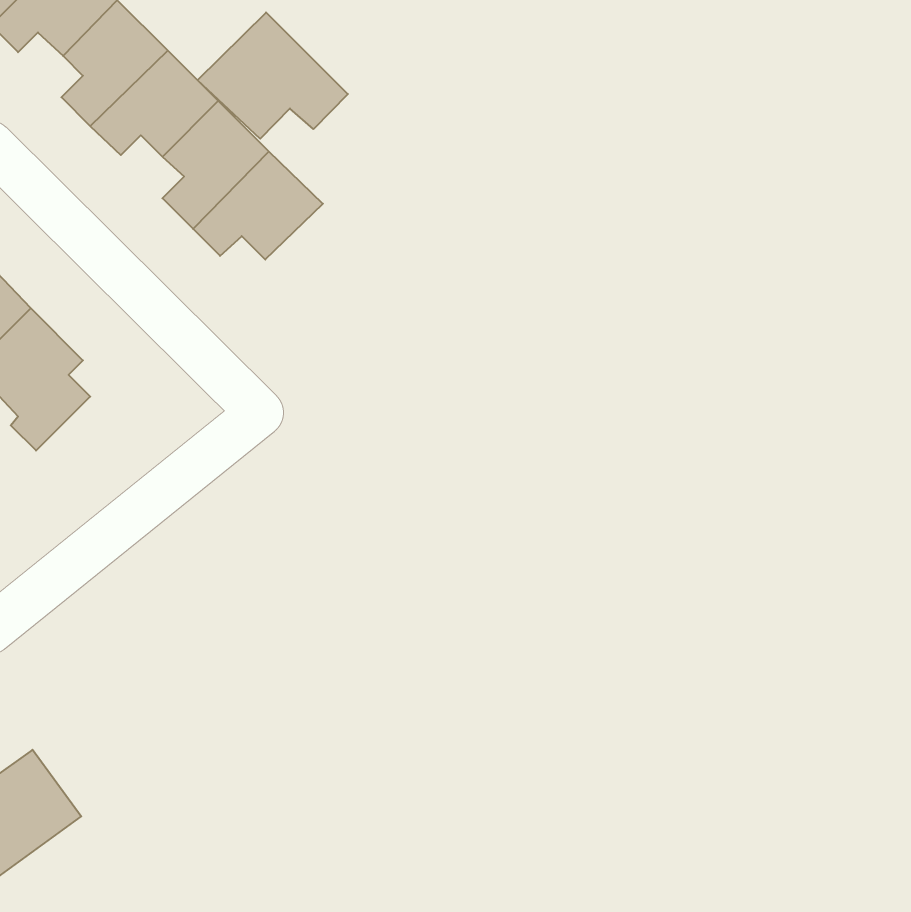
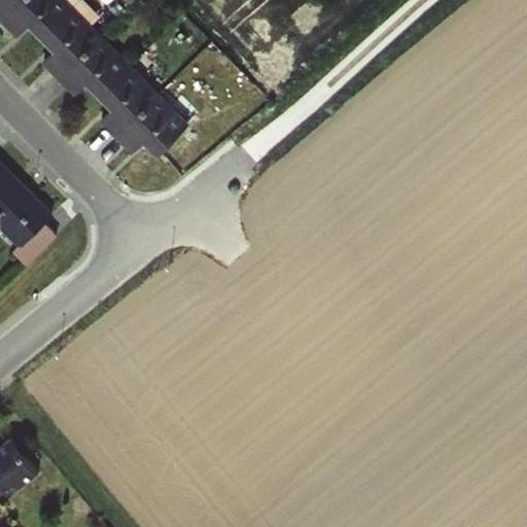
building: [198,12,348,139] -> none

